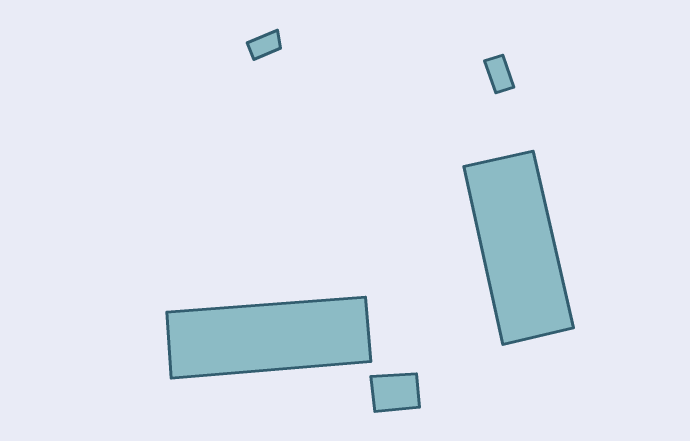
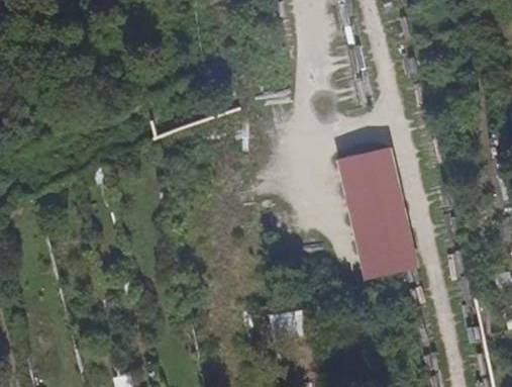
building: [167,297,371,378] -> none

